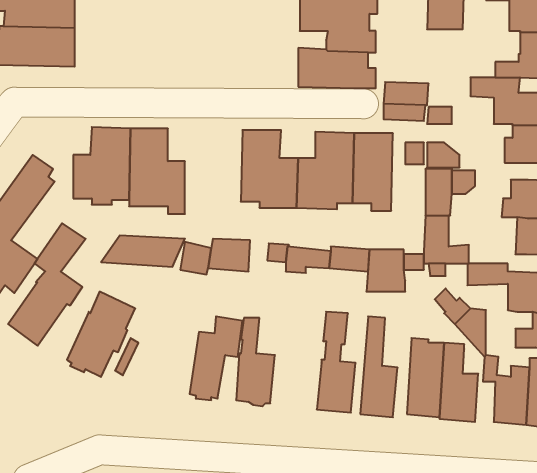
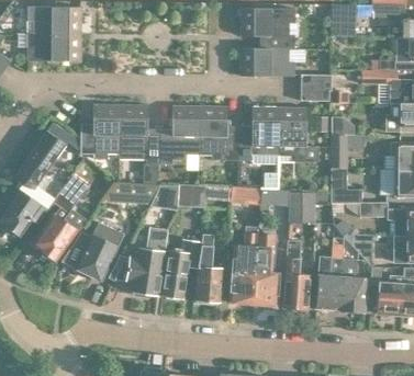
building: none -> [159,105,200,166]
building: none -> [126,226,167,295]
building: none -> [228,230,259,304]

